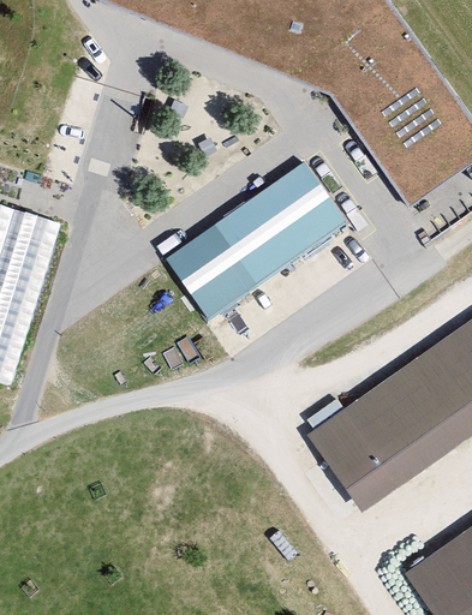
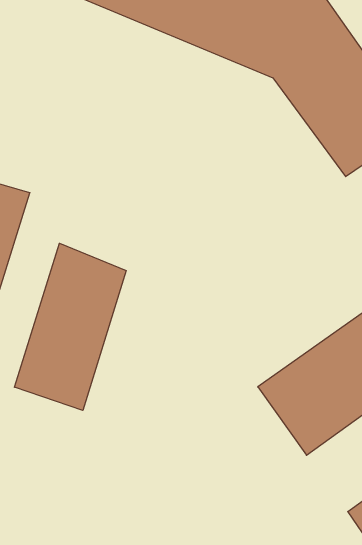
building: [162,159,346,320] -> none
building: none -> [14,243,126,410]

